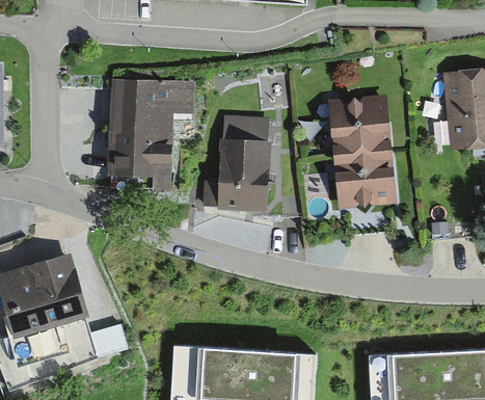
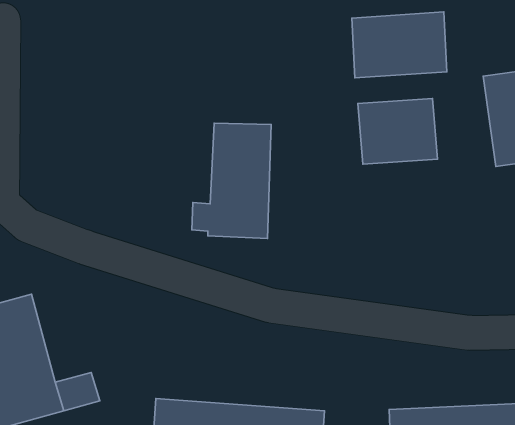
building: none -> [352,12,447,78]
building: [117,80,201,187] -> none
building: [344,143,408,206] -> none

